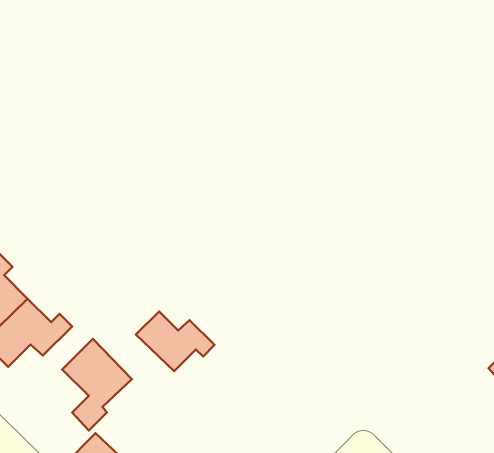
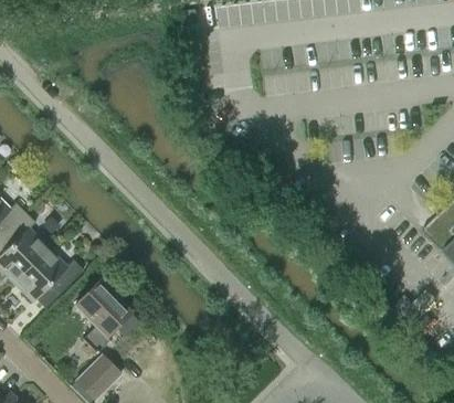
building: [136,311,215,371] -> none

